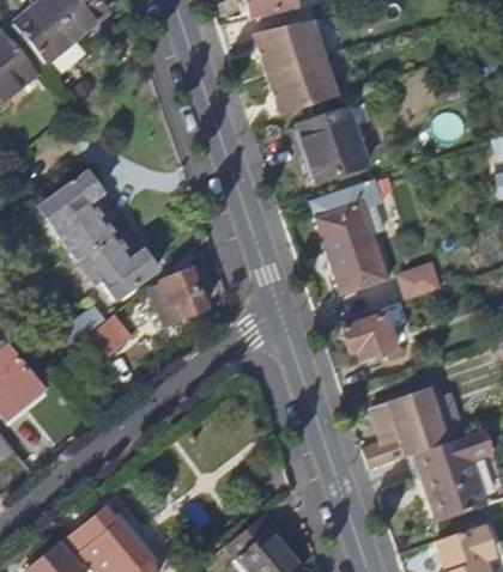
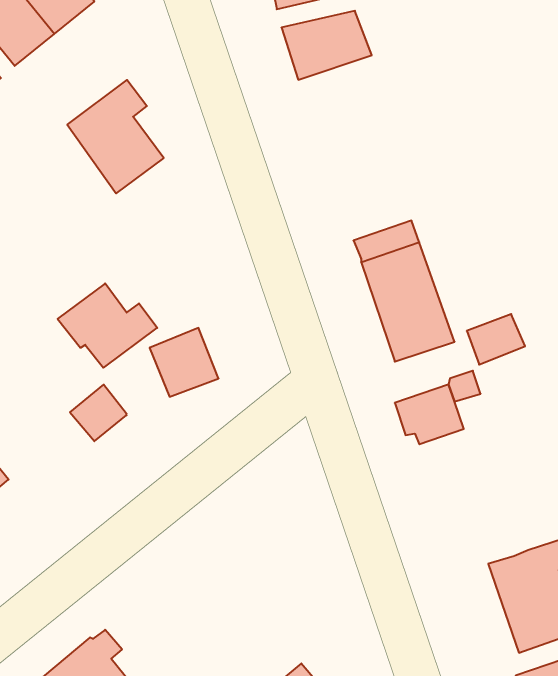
building: [267,55,338,115] -> none
building: [299,109,368,181] -> none
building: [41,172,116,261] -> [67,80,164,193]
building: [363,388,447,468] -> none

